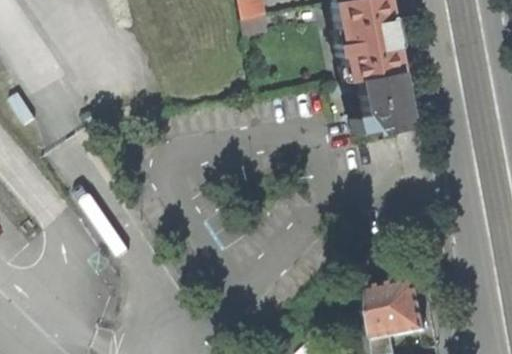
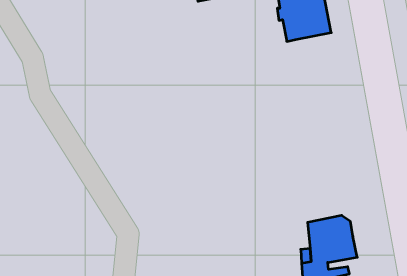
building: [353,69,410,131] -> none

